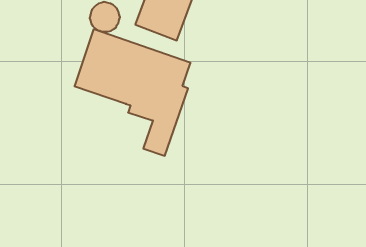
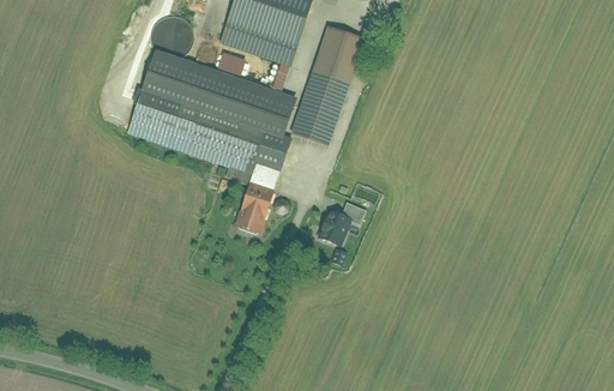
building: none -> [293,23,363,143]
building: none -> [318,200,367,248]

